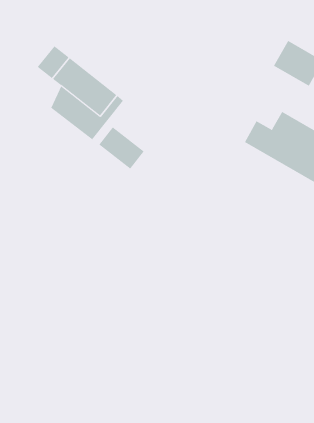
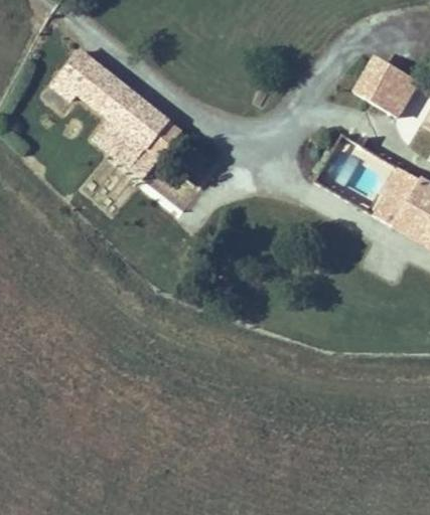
building: none -> [54,51,95,99]
building: [99,127,144,169] -> none

